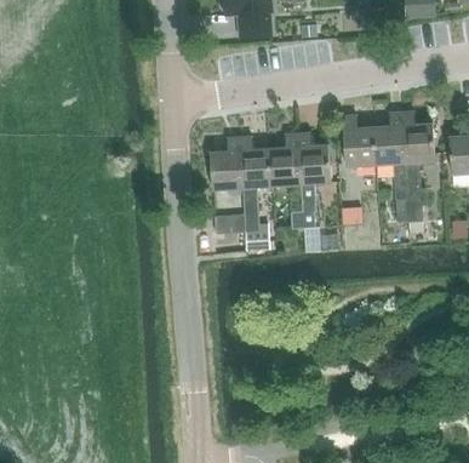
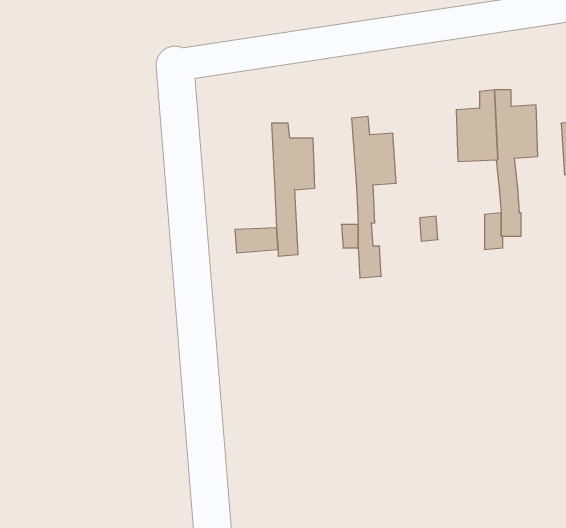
building: [344,115,376,166] -> none
building: [270,133,302,184] -> none
building: [212,137,242,188] -> none

